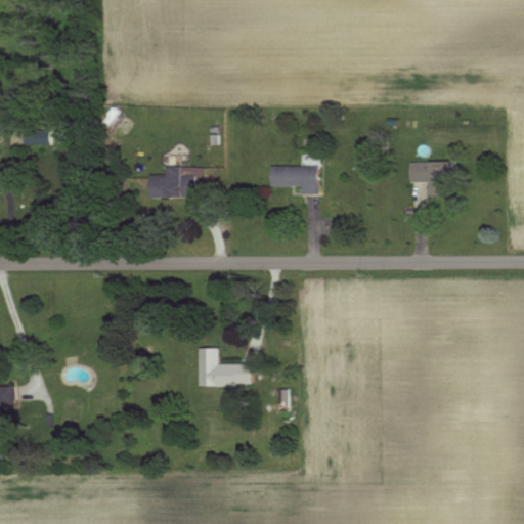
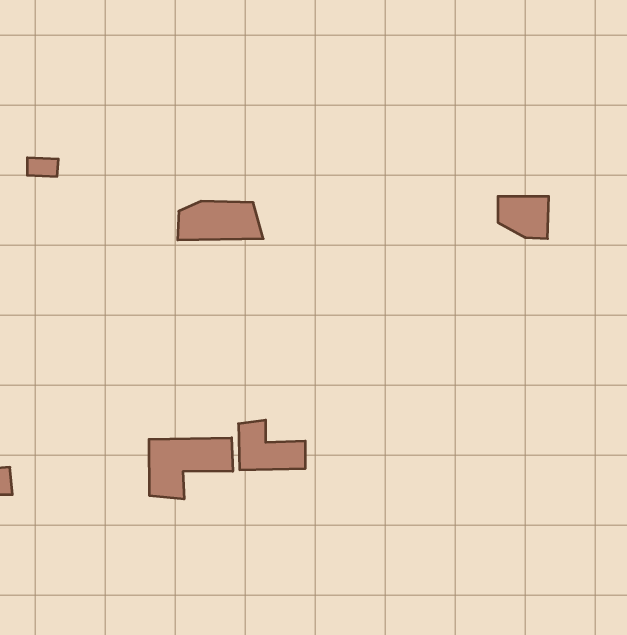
building: [269,166,319,194] -> none
building: none -> [149,438,233,499]

